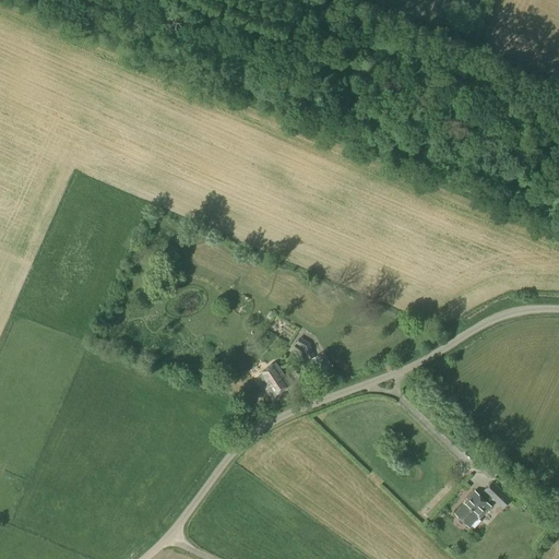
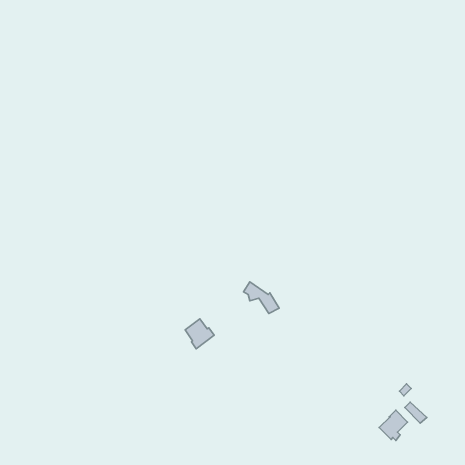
building: [257,362,292,399] -> [185,319,214,349]

